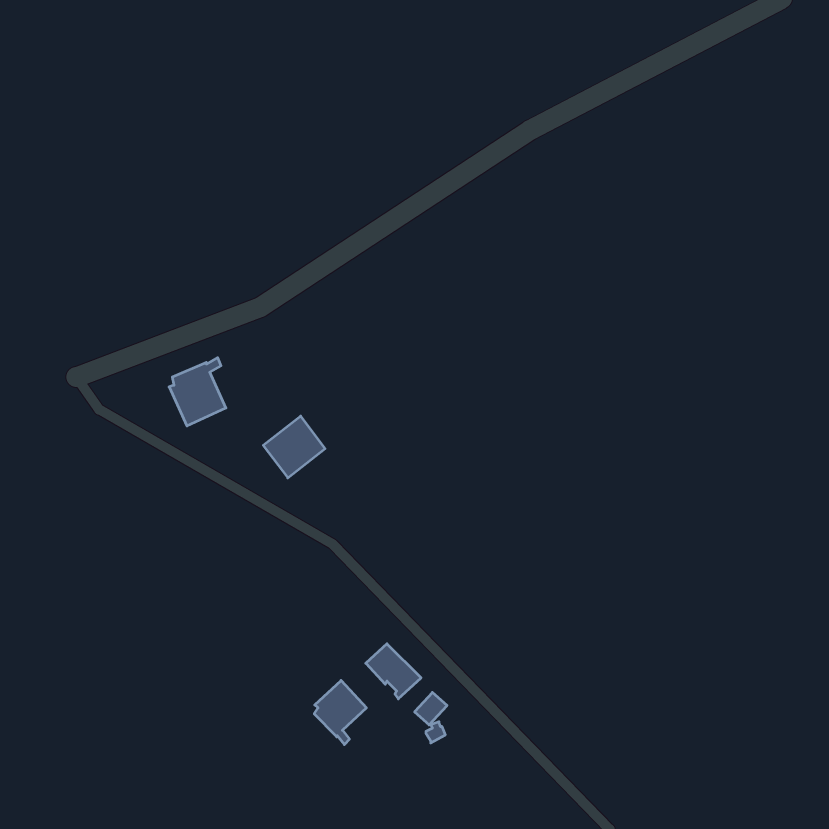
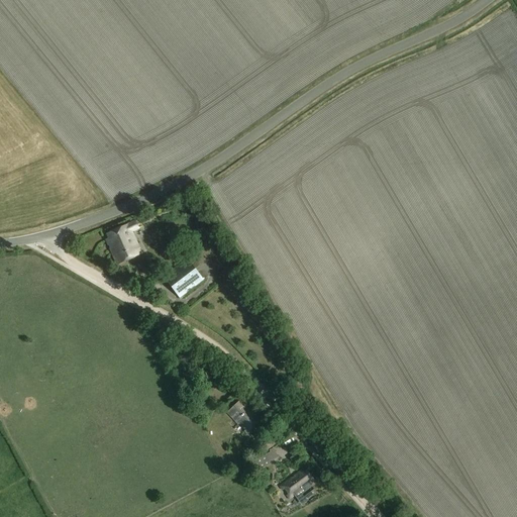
building: [314,680,366,745] -> none
building: none -> [280,470,315,504]

